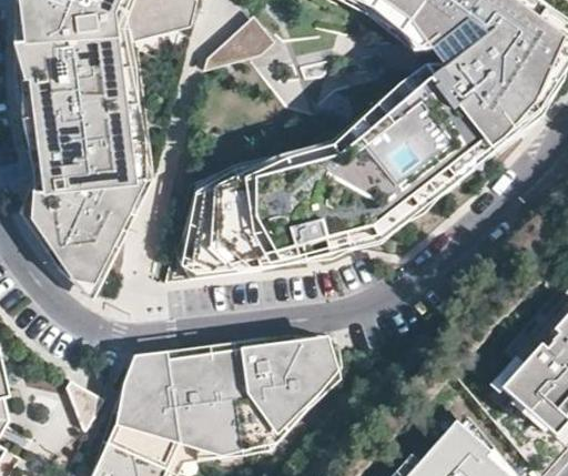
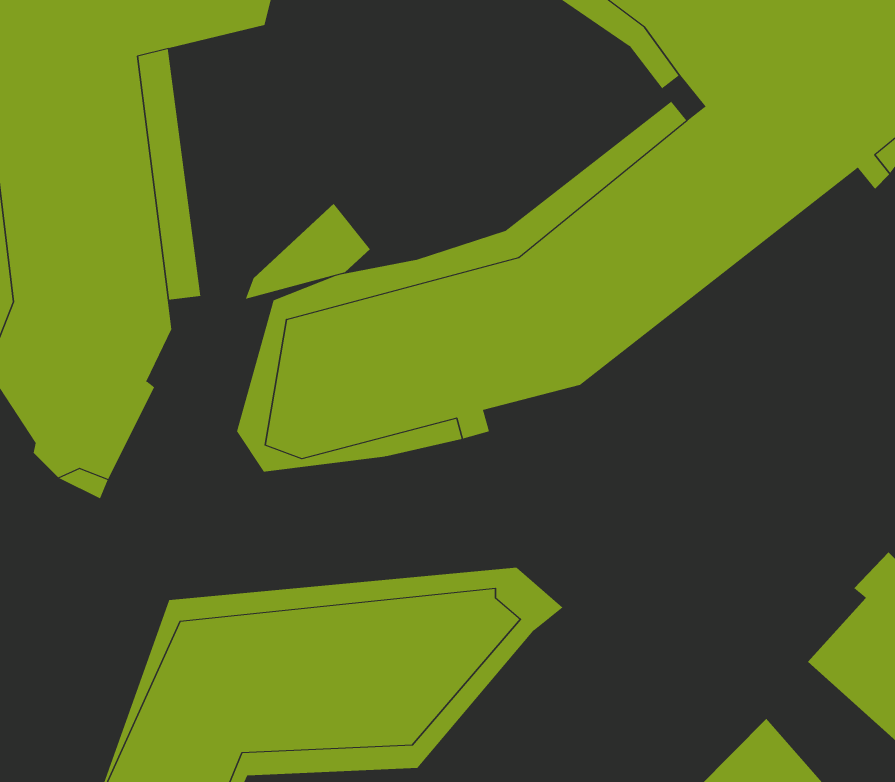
building: [201,16,273,71] -> [245,203,371,300]
building: [315,105,539,256] -> none

